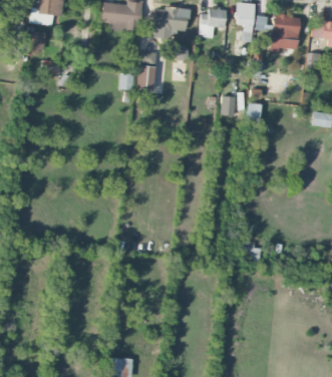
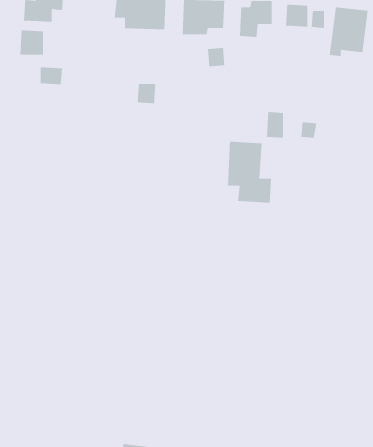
building: [137,51,155,90] -> none
building: none -> [228,141,271,204]

